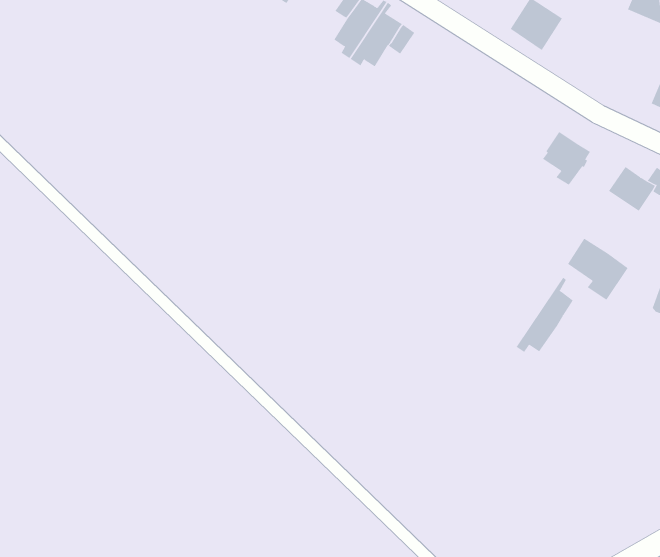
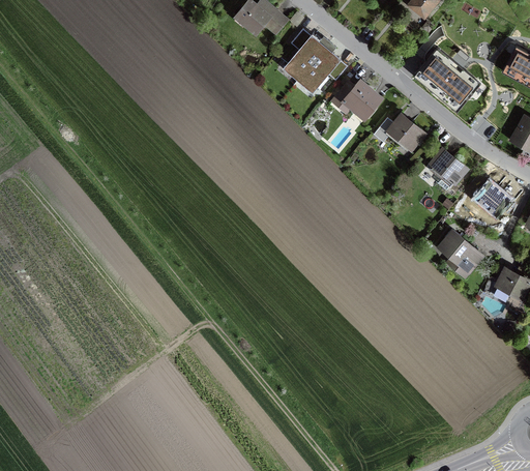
building: none -> [438,68,477,108]
building: none -> [329,80,384,124]
building: none -> [374,115,423,149]
building: [516,277,574,353] -> none

